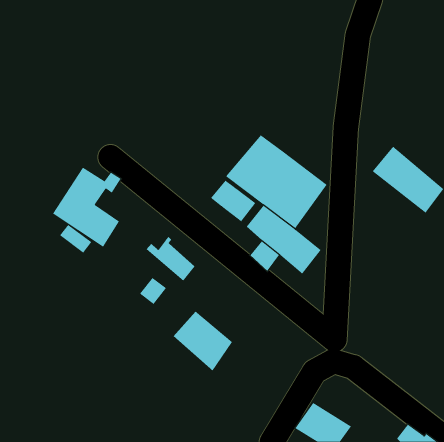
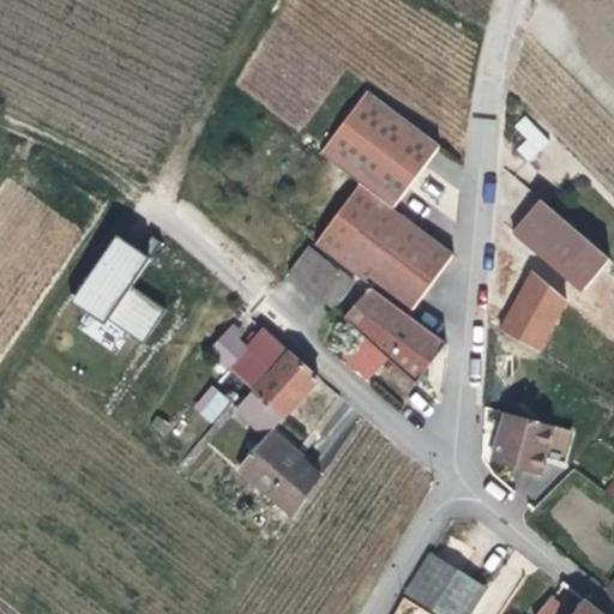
building: none -> [320,91,441,209]
building: none -> [496,271,571,350]
building: none -> [236,350,315,434]
building: none -> [490,413,553,477]

